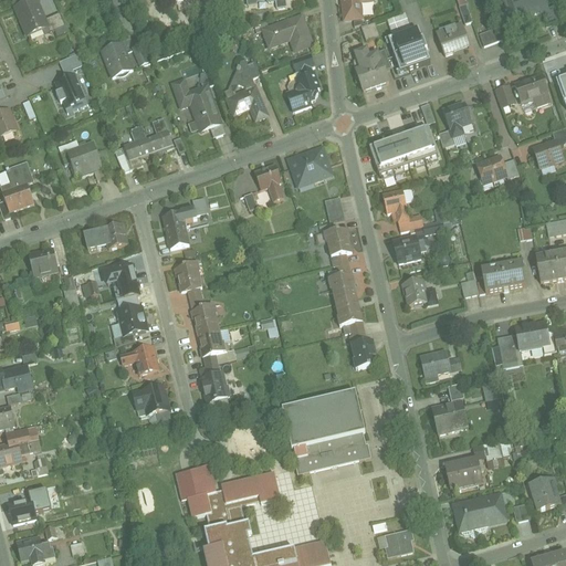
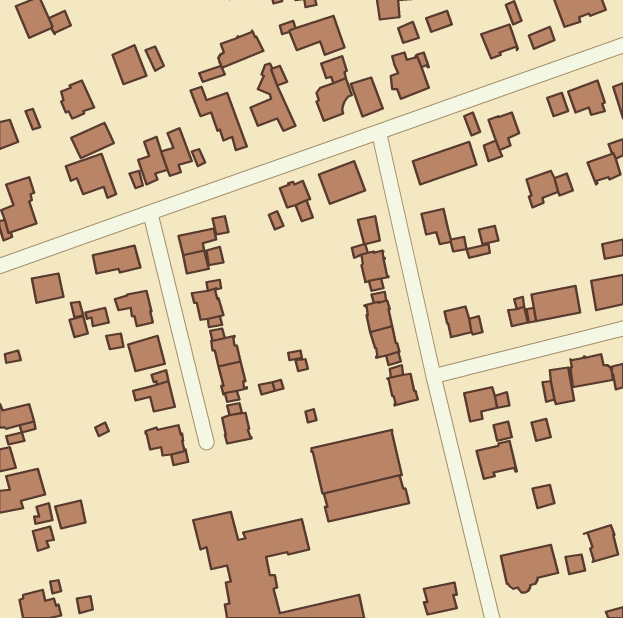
building: [387,27,428,70] -> none
building: none -> [218,31,263,68]
building: none -> [351,78,383,116]
building: none -> [71,123,114,158]
building: [394,234,419,262] -> none
building: [444,457,482,488] -> none
building: [8,497,35,523] -> [55,500,86,529]

